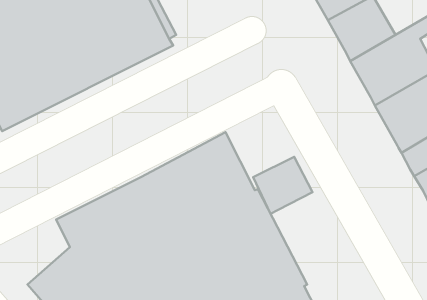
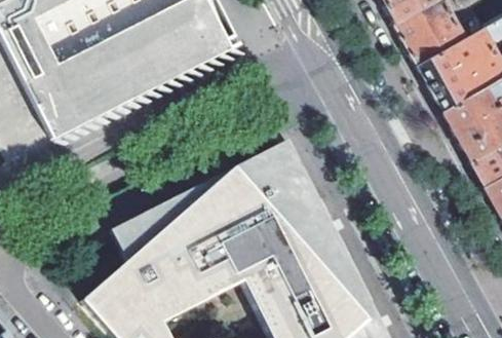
building: [253,157,313,214] -> none

